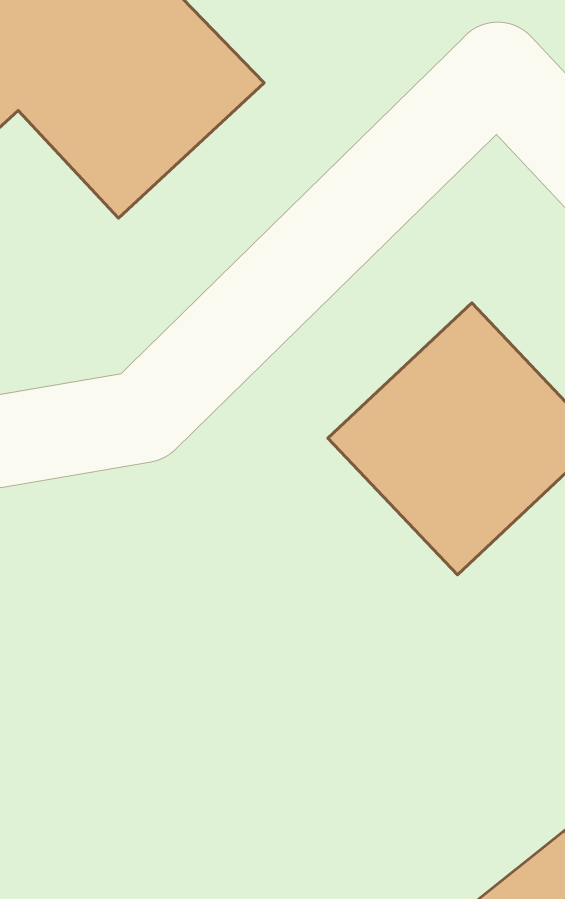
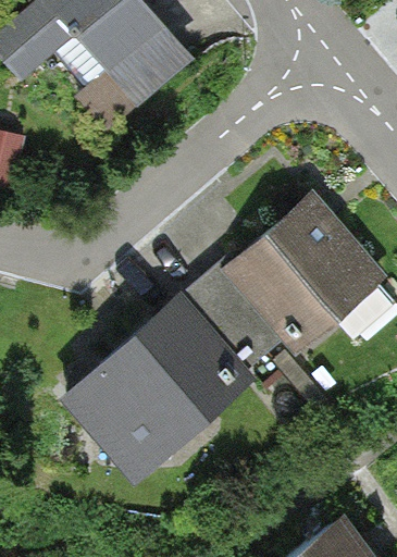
building: none -> [83,298,247,460]

